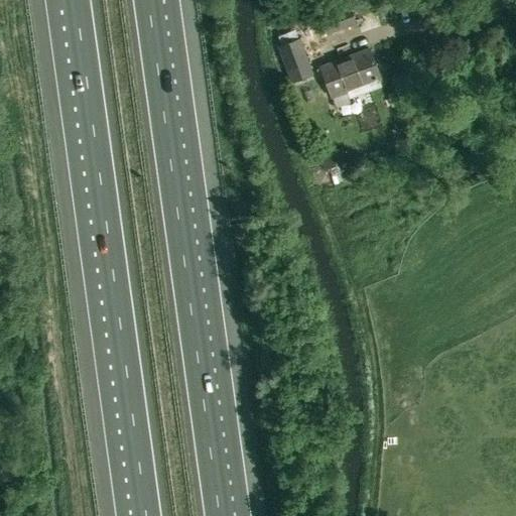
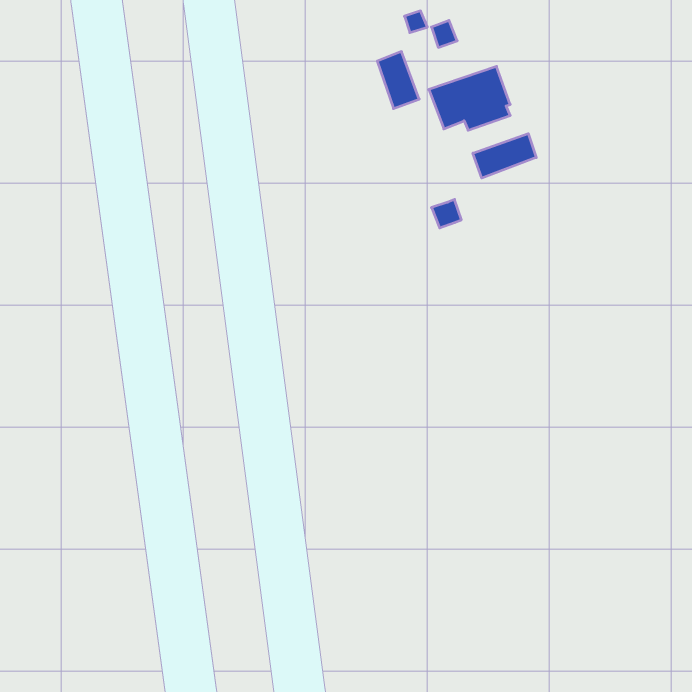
building: none -> [473,134,536,178]

